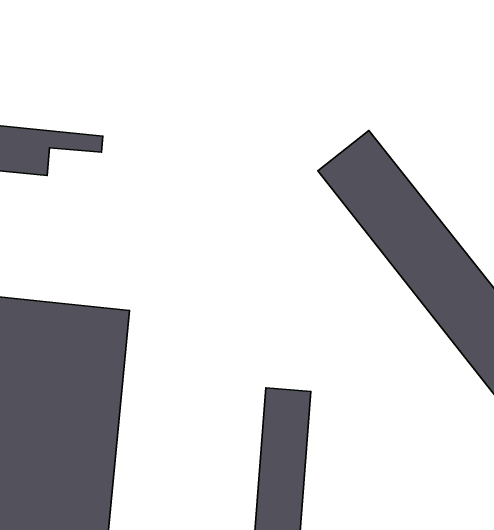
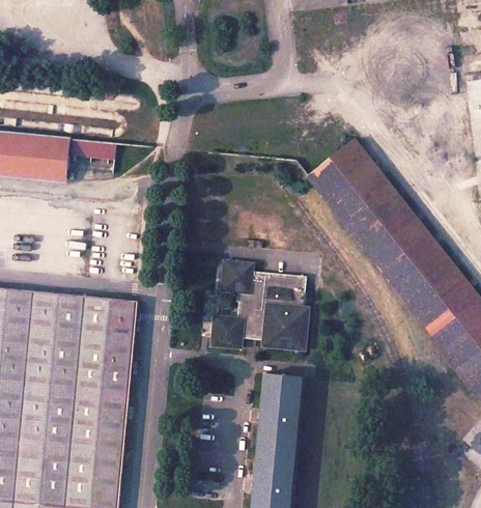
building: none -> [211,260,309,349]

